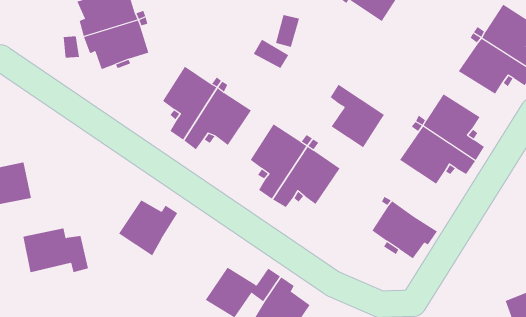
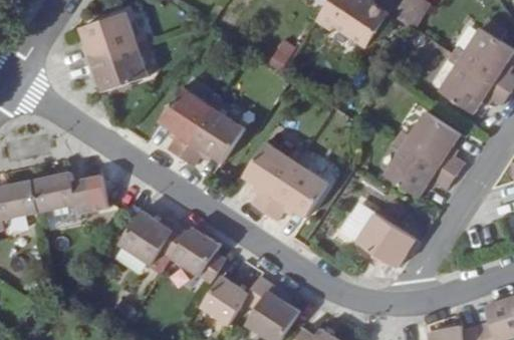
building: [330,84,385,148] -> none
building: none -> [160,225,225,282]
building: [22,228,89,273] -> [30,168,92,211]

